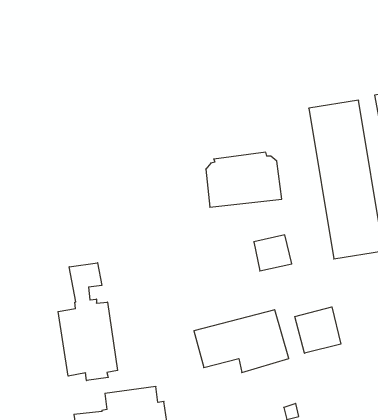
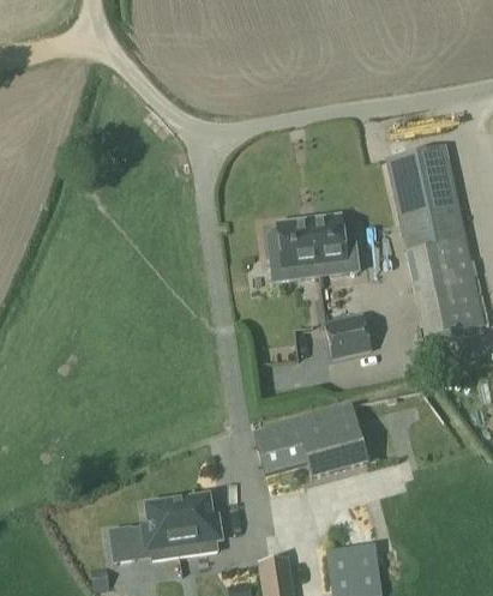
building: [58,263,118,381] -> none
building: [295,307,341,353] -> none

